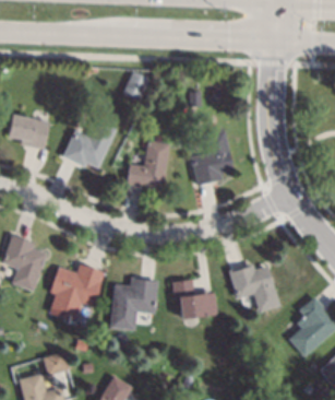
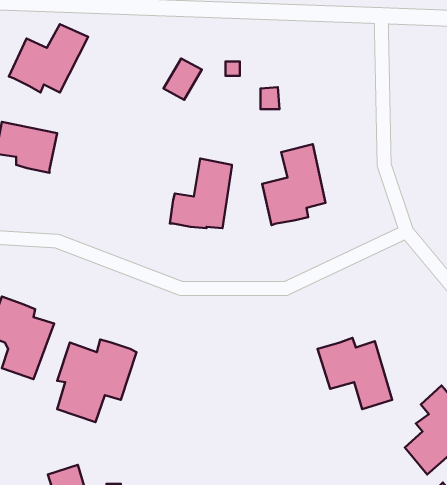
building: [63,120,118,167] -> [9,24,88,92]
building: [110,278,159,330] -> none
building: [172,279,217,320] -> none

